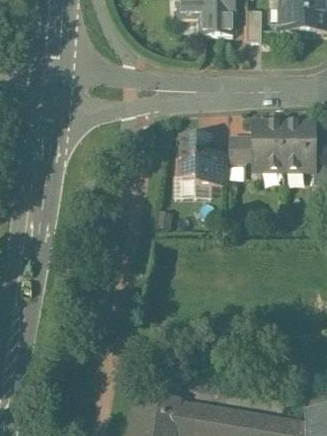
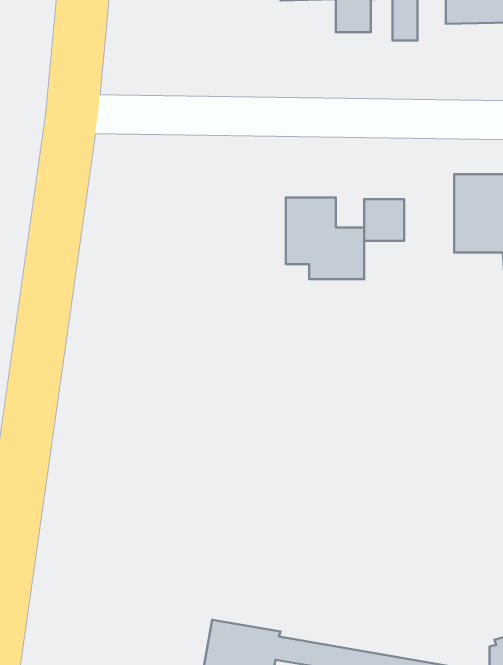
building: [253,121,283,169] -> none

